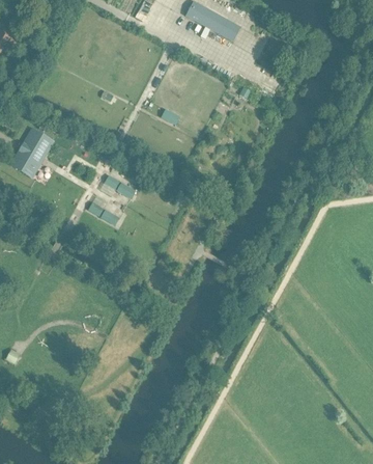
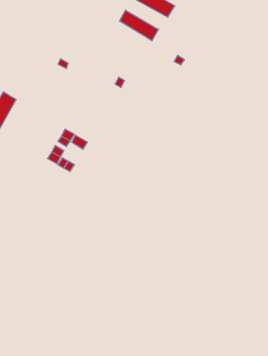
building: none -> [120,10,159,41]

